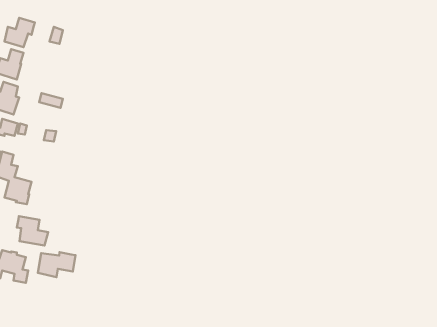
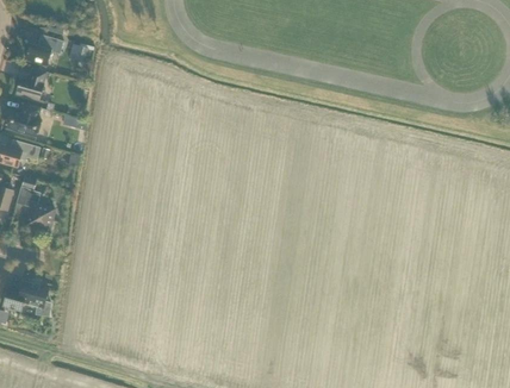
building: [17,216,48,245] -> none
building: [38,252,76,277] -> none

